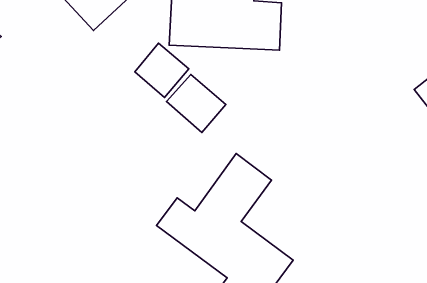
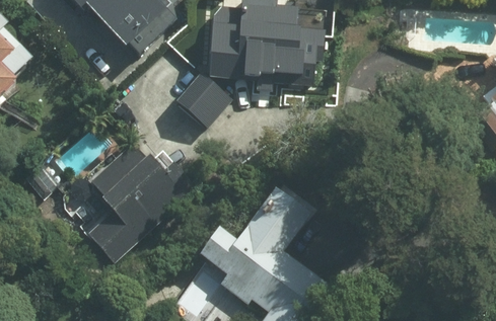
building: [166,74,226,133] -> none
building: none -> [80,147,194,269]

